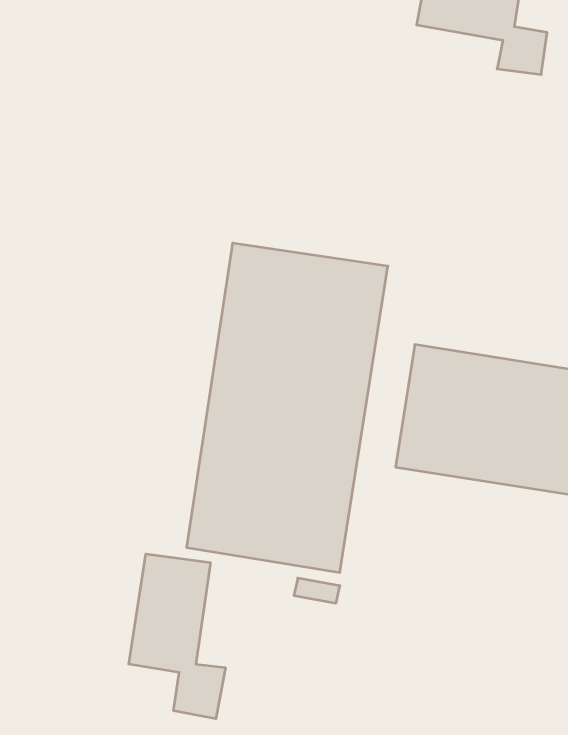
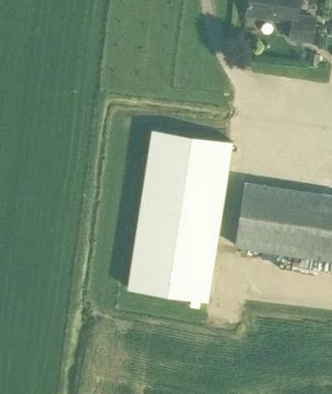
building: [129,554,225,719] -> none

